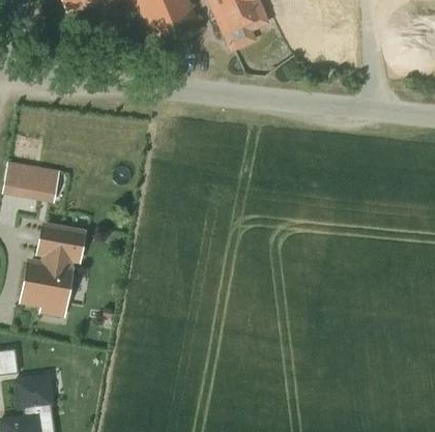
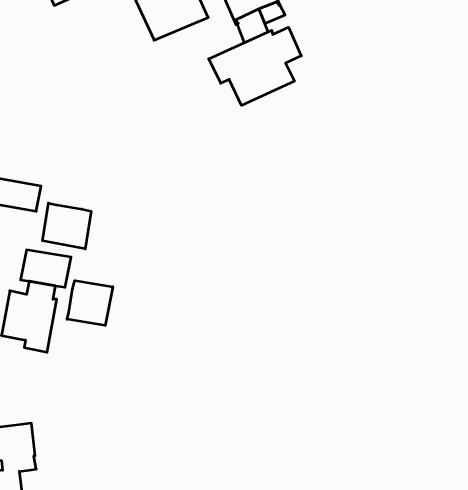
building: none -> [209,27,301,105]
building: none -> [42,203,91,249]
building: none -> [67,281,113,325]

